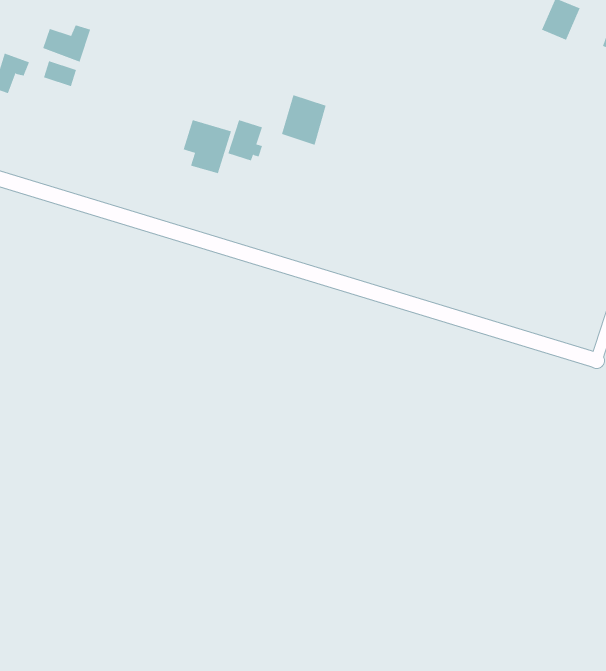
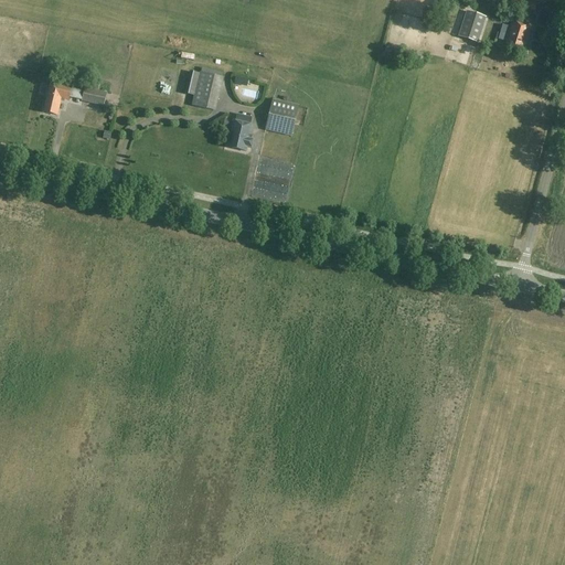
building: [43,25,91,62] -> none
building: [183,120,232,174] -> [183,68,220,108]

